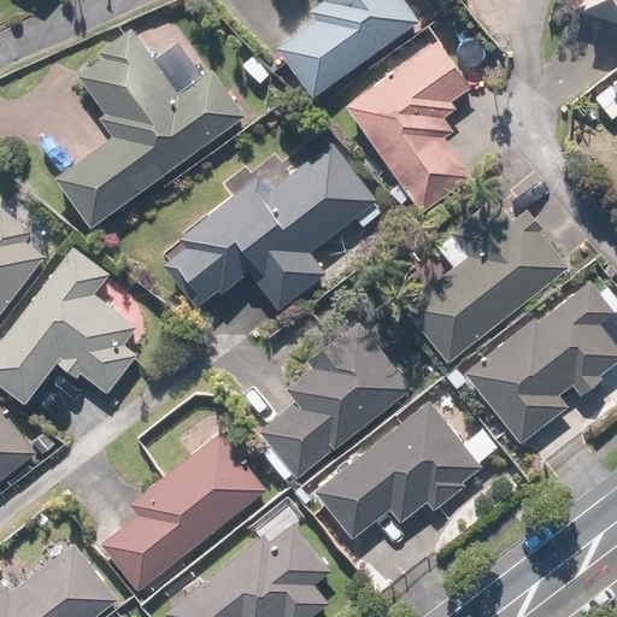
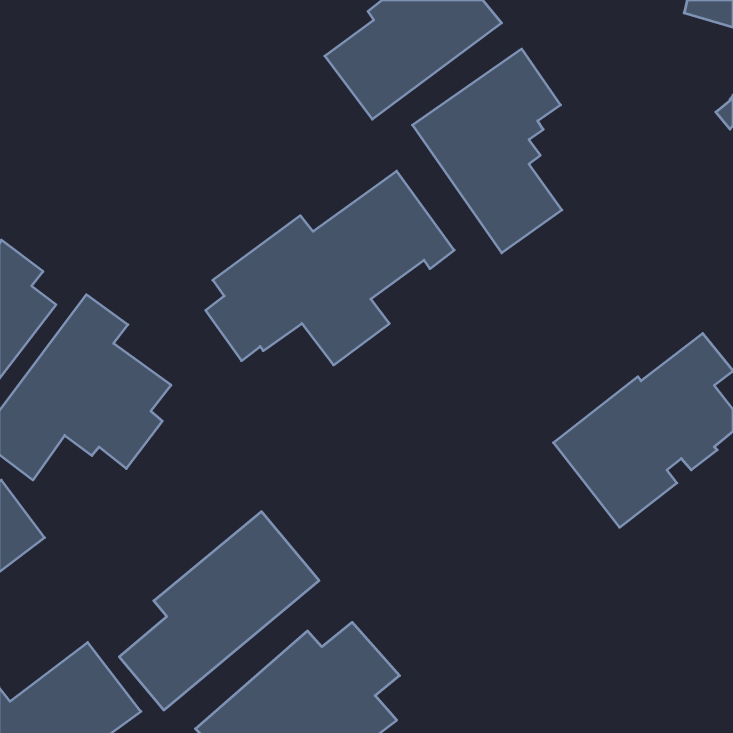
building: [53,28,246,230] -> none
building: [401,181,569,363] -> none
building: [257,319,412,481] -> none
building: [313,396,487,539] -> none

